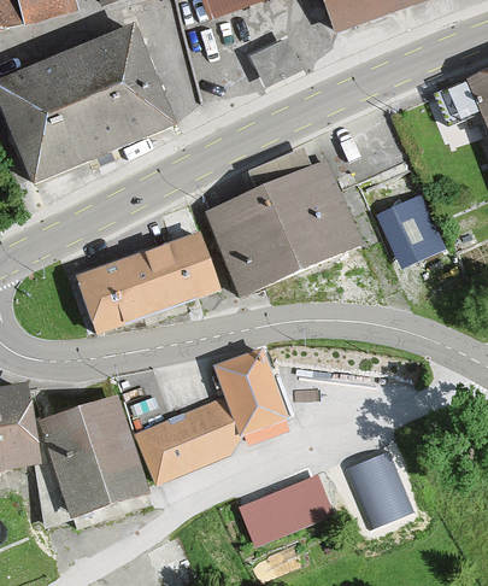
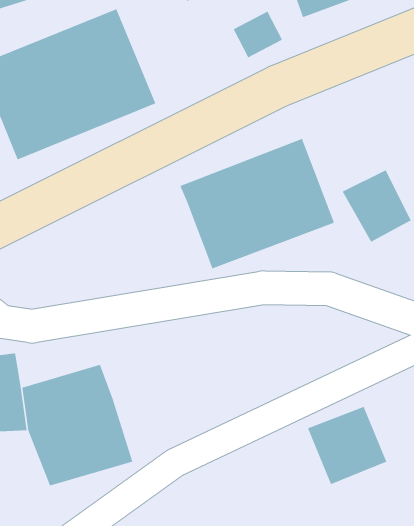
building: [76,227,230,335] -> none
building: [213,347,288,436] -> none
building: [133,397,235,485] -> none
building: [235,470,329,546] -> none

